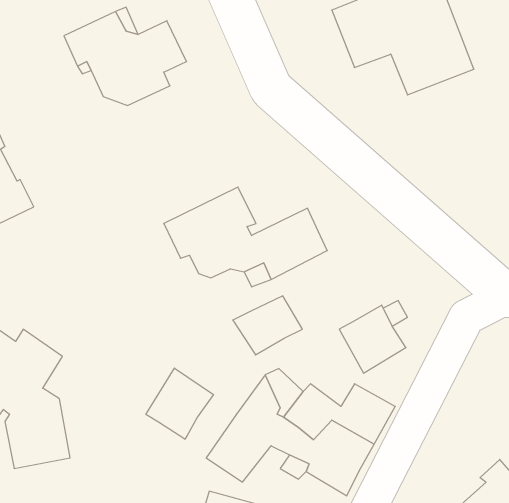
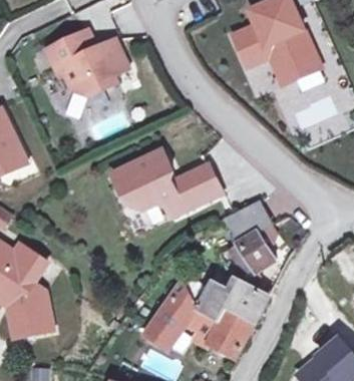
building: [233,296,302,355] -> [226,201,272,240]
building: [146,368,213,439] -> none

